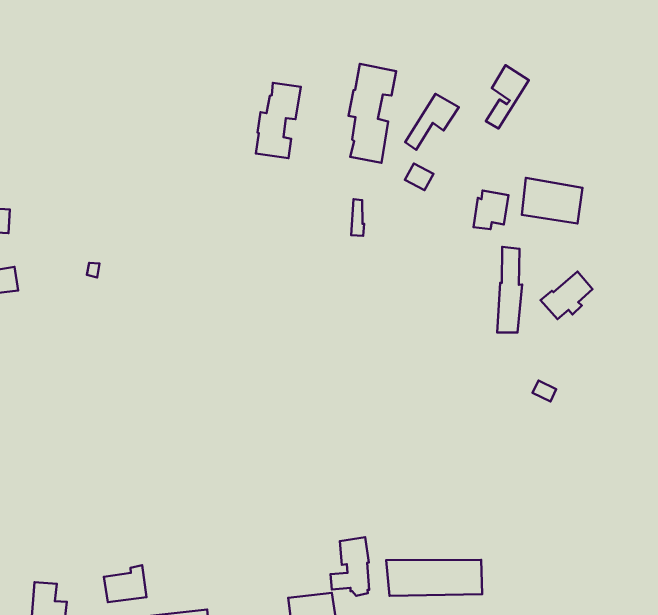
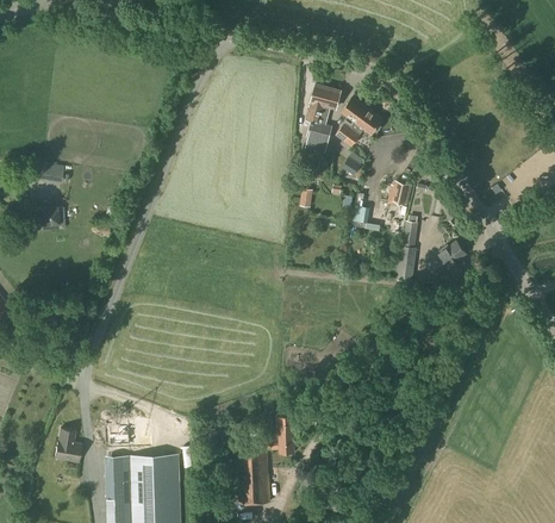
building: [486,65,529,129] -> [336,96,368,141]
building: [256,83,301,158] -> none
building: [522,178,583,223] -> none
building: [386,560,482,596] -> none

